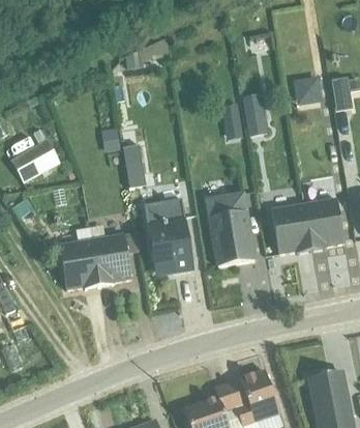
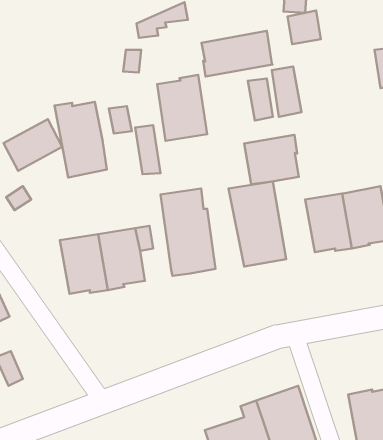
building: none -> [201,31,272,77]
building: [294,75,323,104] -> [287,11,321,44]
building: none -> [157,75,207,141]
building: none -> [54,102,107,177]
building: none -> [244,135,299,184]

